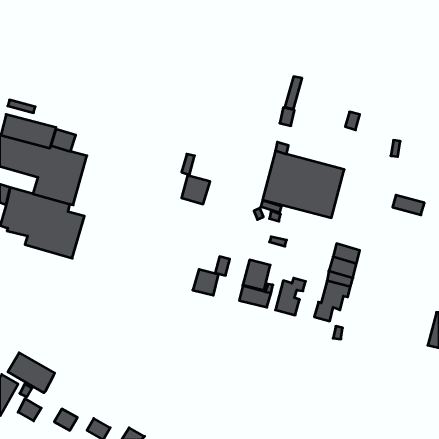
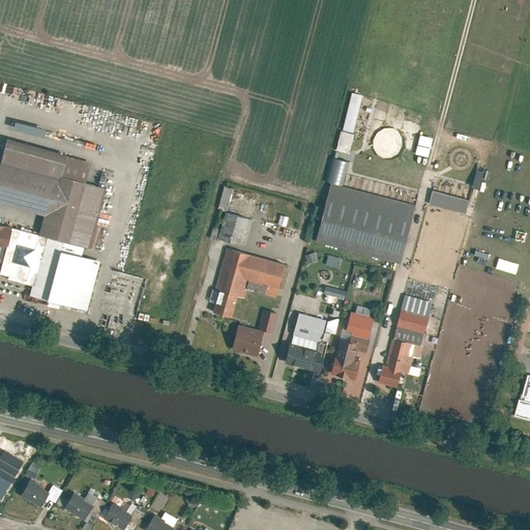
building: [393,195,424,215] -> [430,190,468,214]
building: none -> [213,247,285,316]
building: none -> [346,312,374,340]
building: [8,353,55,393] -> none

